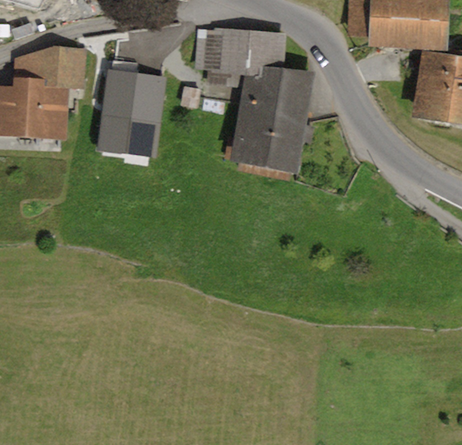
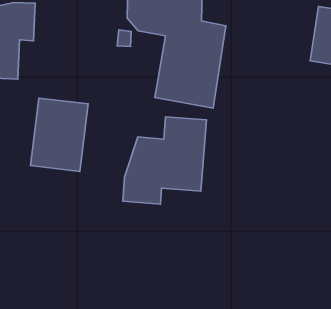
building: [97,66,166,154] -> [31,98,88,171]
building: none -> [123,117,207,204]

